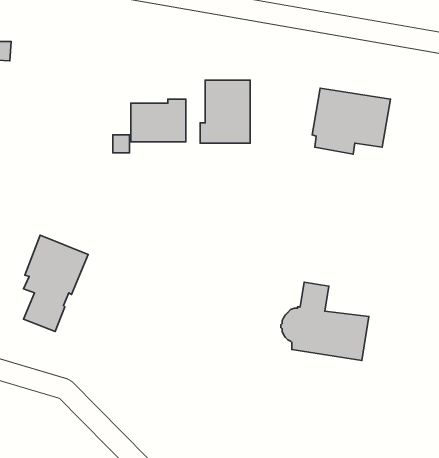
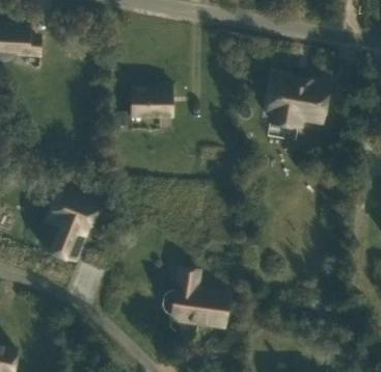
building: [200,80,250,143] -> none
building: [281,282,369,360] -> [163,269,229,328]

